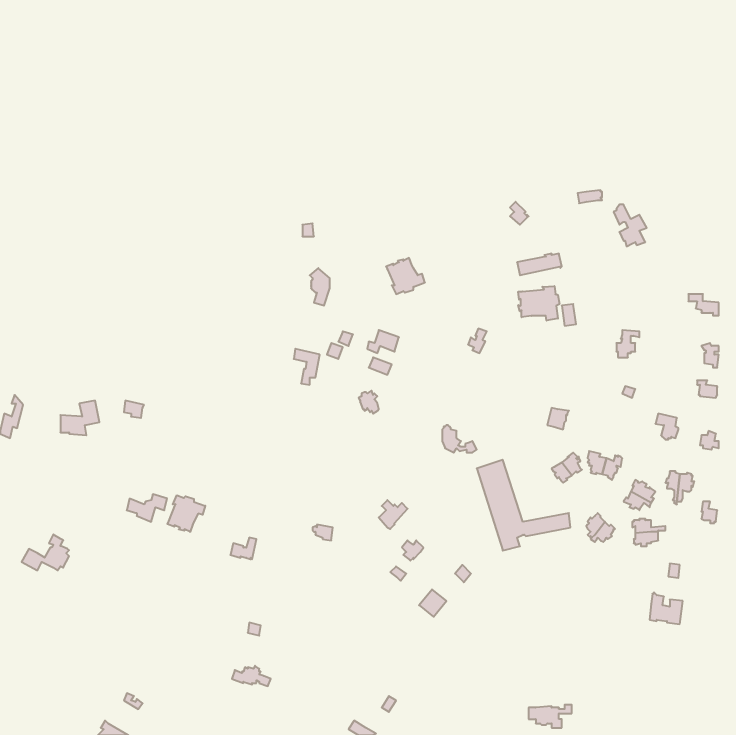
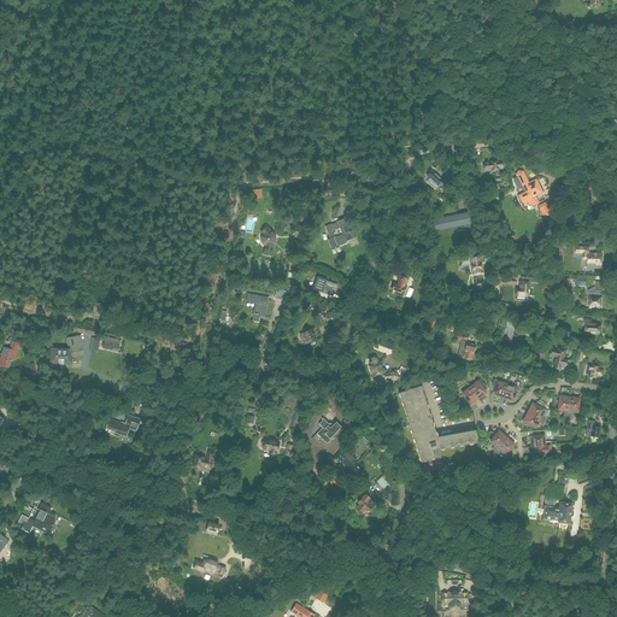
building: [518,286,559,321] -> none
building: [167,495,205,532] -> none
building: [22,534,69,570] -> [16,501,55,531]

